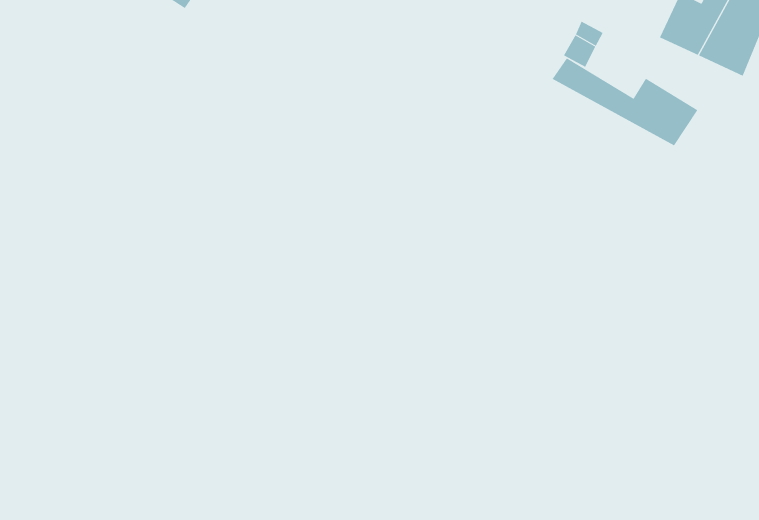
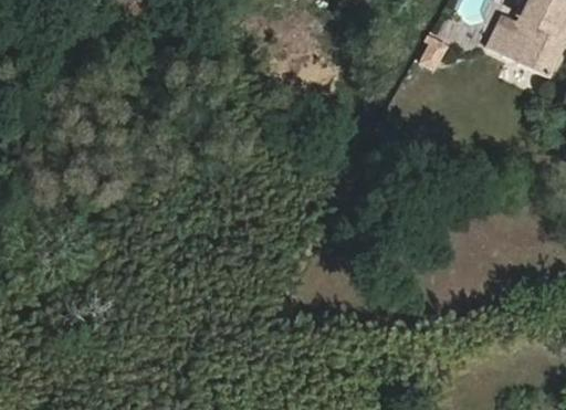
building: [552,57,698,146] -> none

